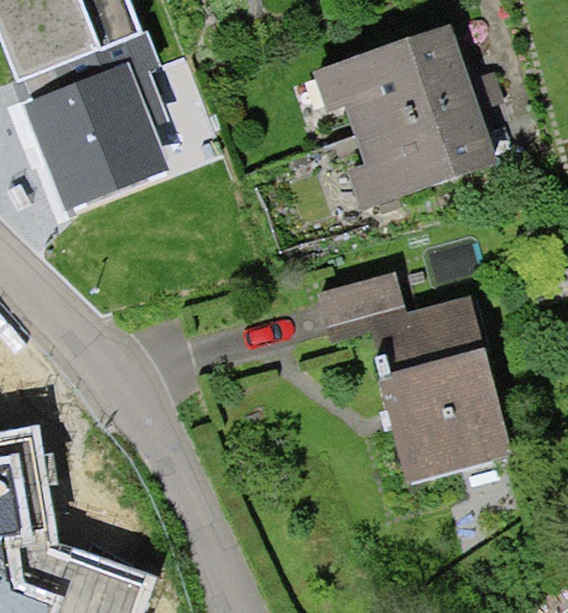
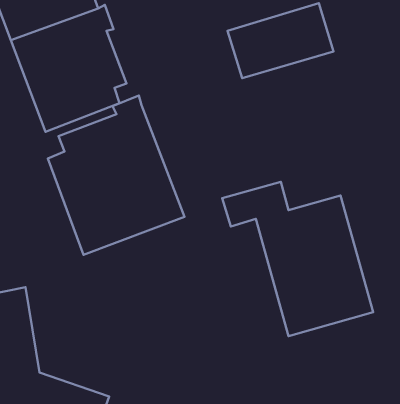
building: [339,97,485,199] -> none
building: none -> [48,96,184,255]

